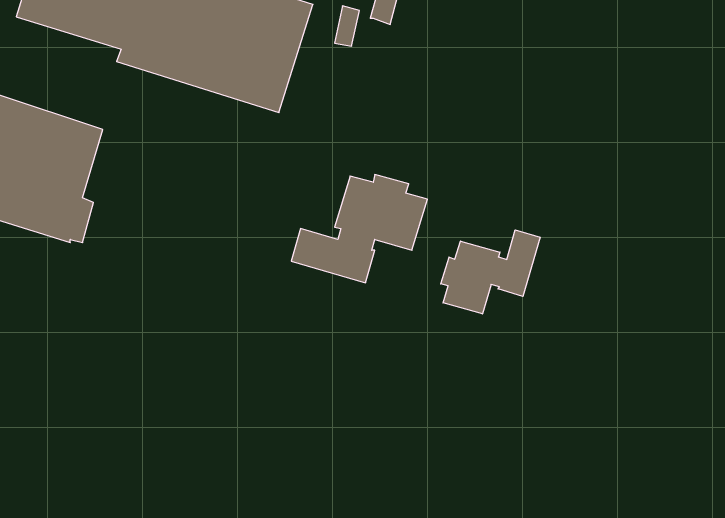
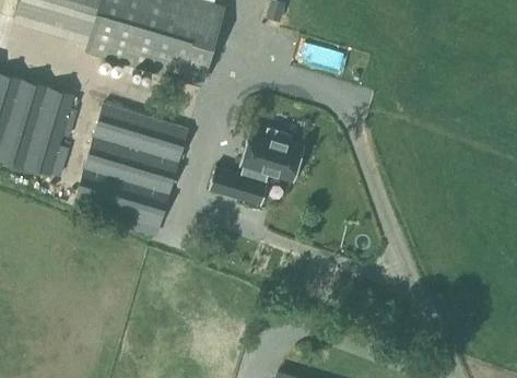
building: none -> [74,102,189,236]
building: [441,230,540,314] -> none

